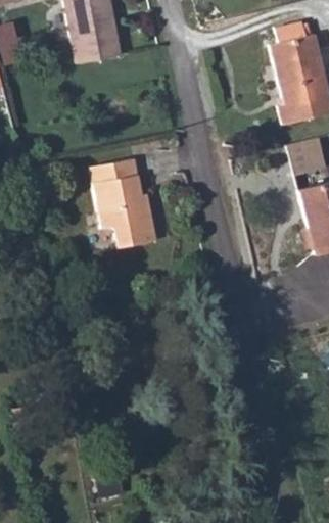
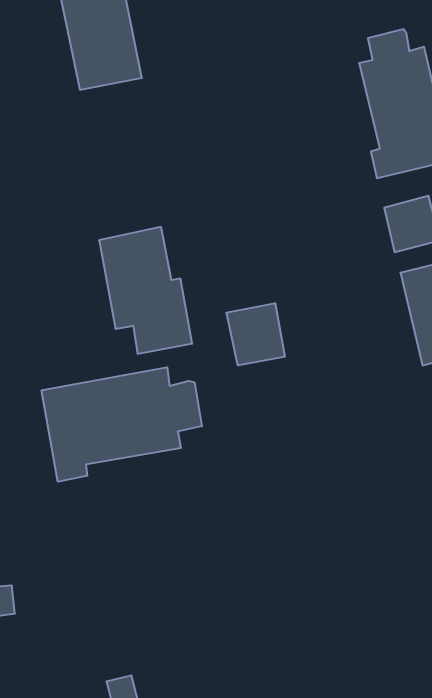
building: none -> [226,303,285,365]
building: none -> [42,367,202,482]

